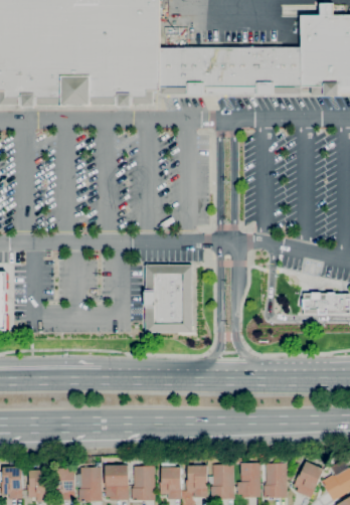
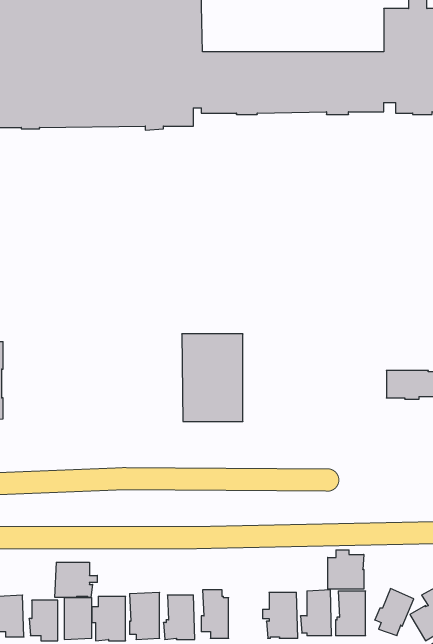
building: none -> [328,550,364,589]
building: none -> [55,562,97,597]
building: [186,465,208,497] -> none

